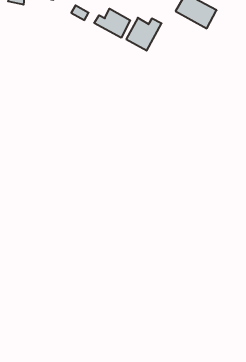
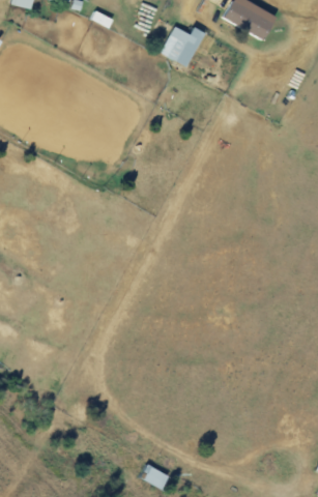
building: [94,9,130,38] -> none

